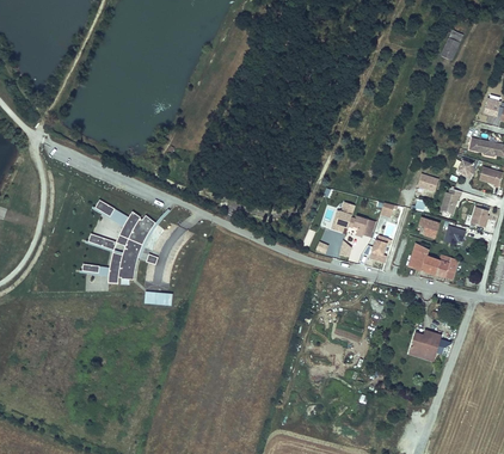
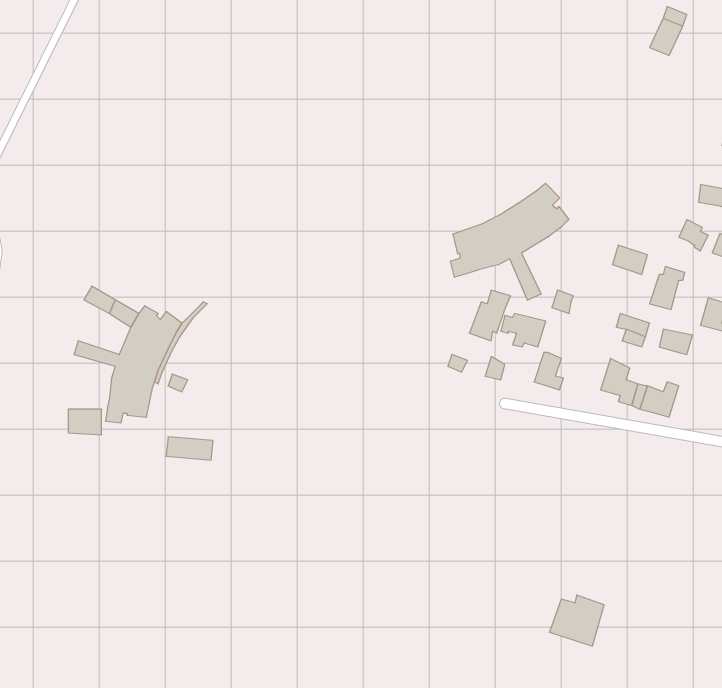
building: none -> [451,183,569,300]
building: [406,330,440,361] -> [549,595,604,646]

